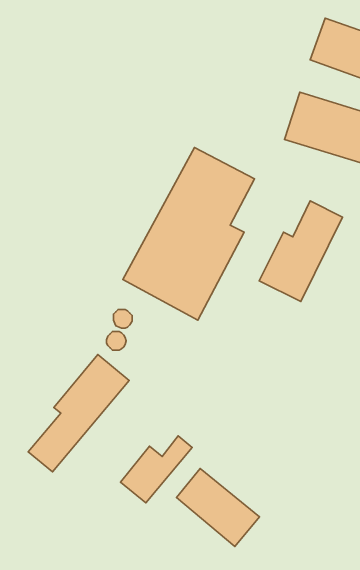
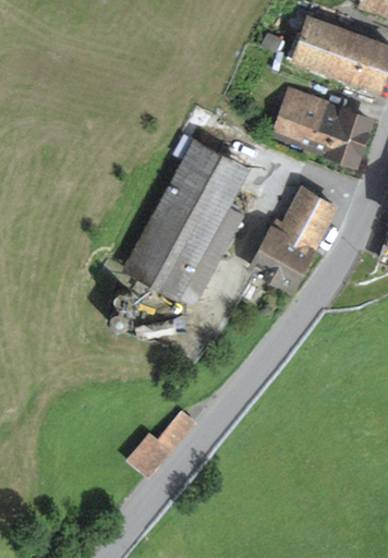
building: [28,355,129,472] -> none
building: [176,469,259,546] -> none

